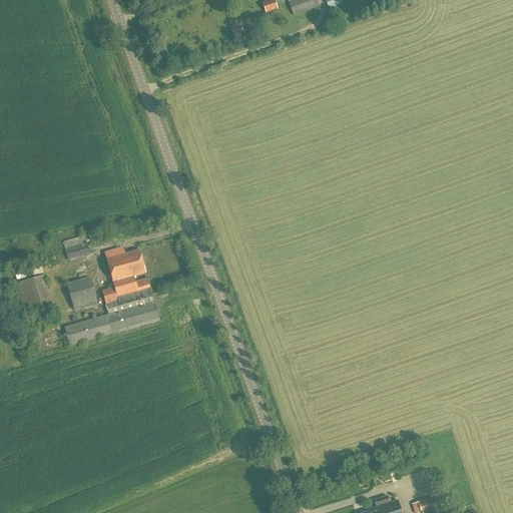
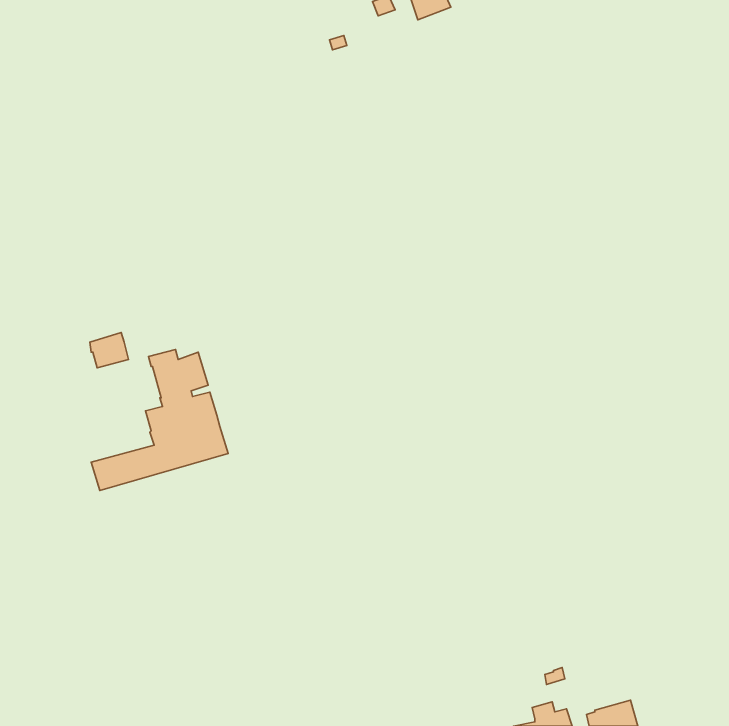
building: [13,274,53,314] -> none
building: [67,276,98,310] -> none

